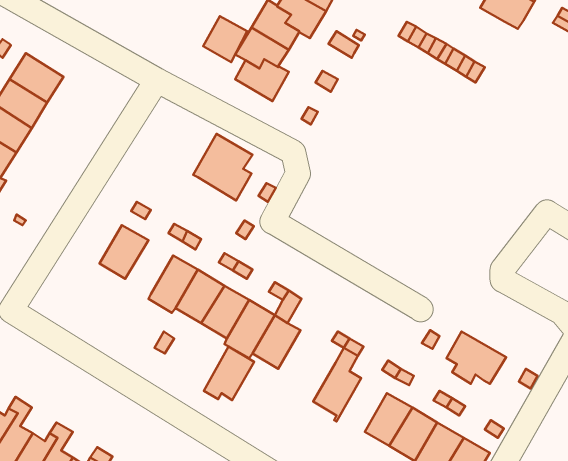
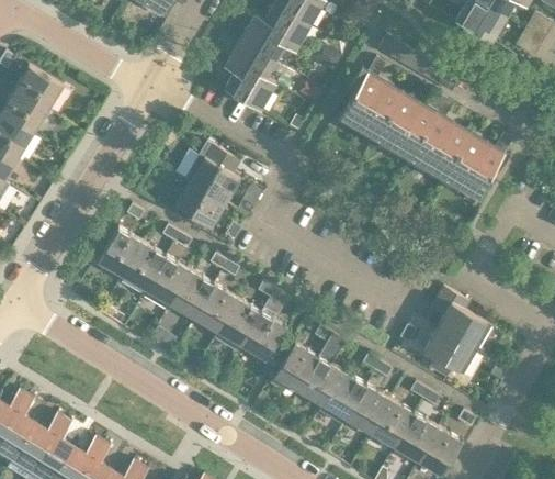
building: [203,16,247,62] -> none
building: none -> [340,57,512,198]
building: none -> [174,181,225,227]
building: none -> [121,241,166,291]
building: none -> [430,287,492,350]
building: [204,347,254,400] -> [271,342,318,392]
building: none -> [318,370,366,425]

